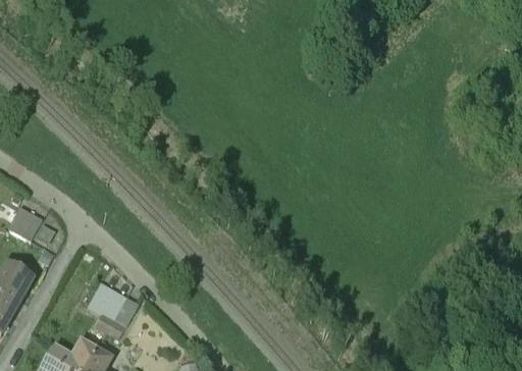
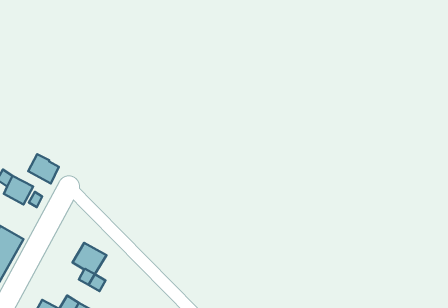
building: none -> [28,154,59,184]

